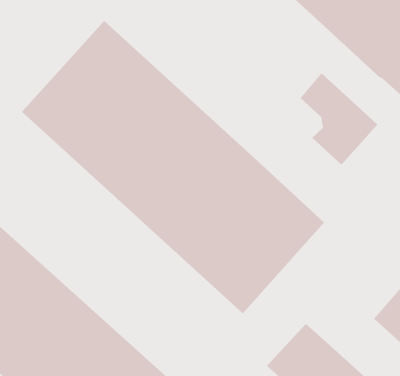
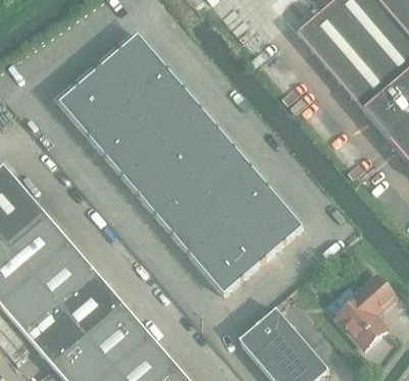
building: [300,72,378,165] -> none

